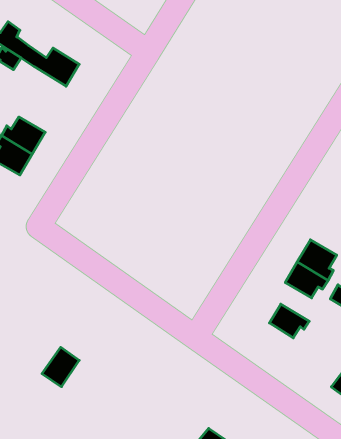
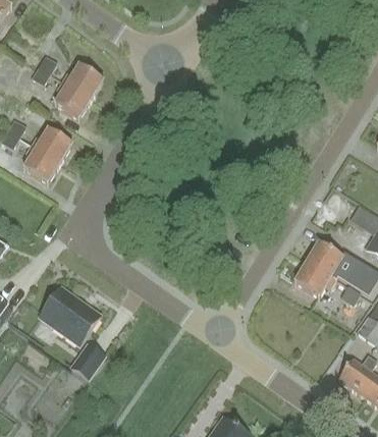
building: none -> [56,81,93,119]
building: none -> [42,287,103,345]
building: [269,304,309,338] -> none

